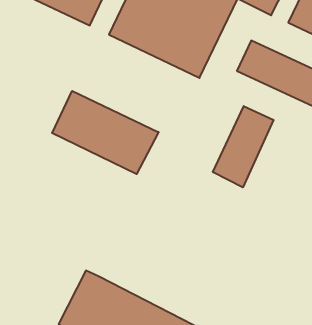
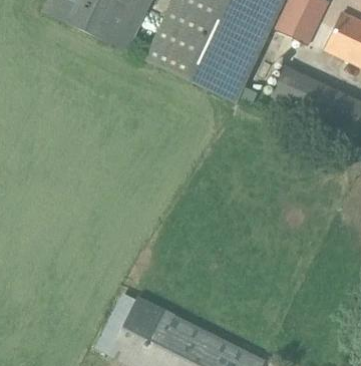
building: [52,91,159,174] -> none
building: [213,106,274,187] -> none

